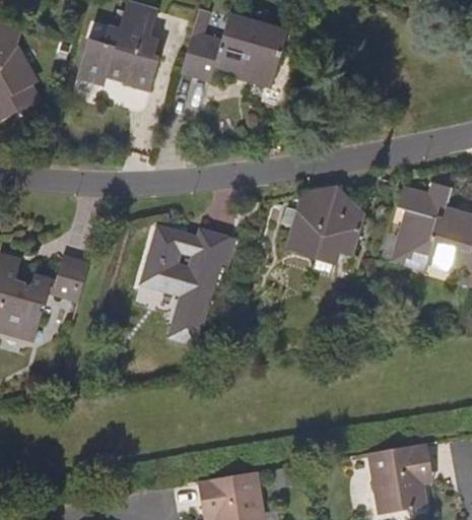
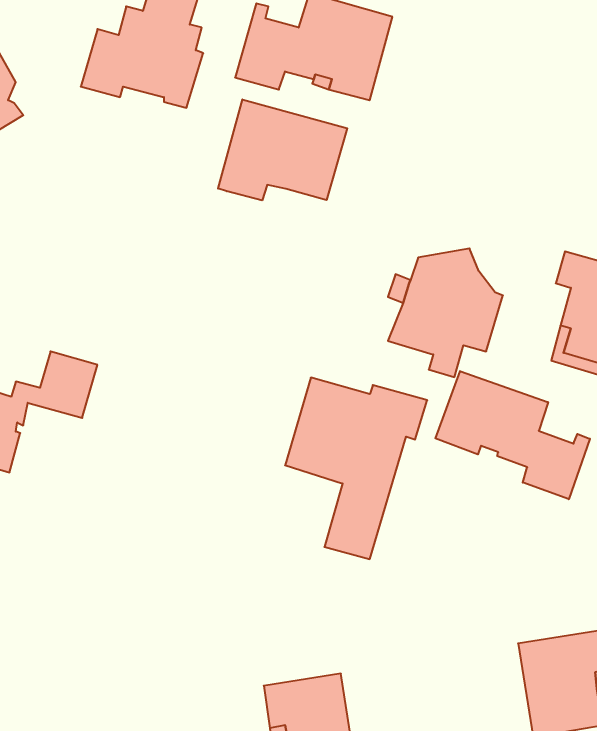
building: none -> [218,99,347,200]
building: [137,225,232,347] -> [285,378,427,559]
building: none -> [435,371,590,499]

